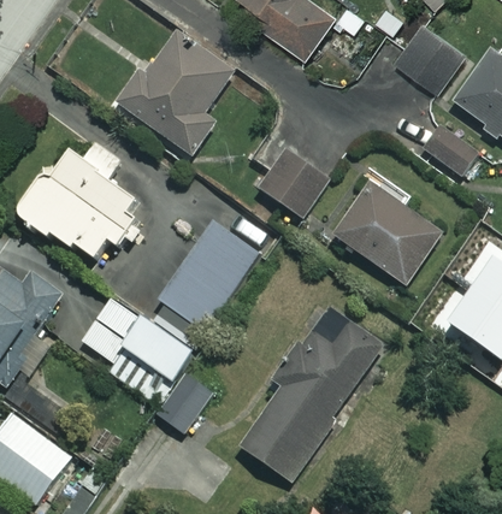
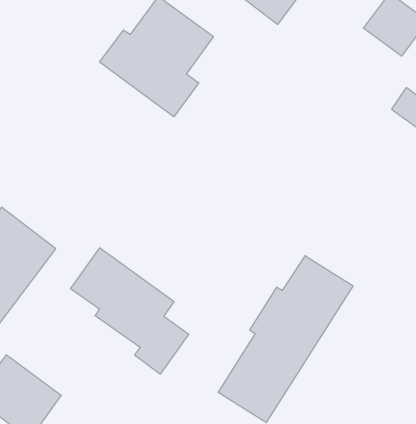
building: [13,141,147,258] -> none
building: [248,150,326,223] -> none
building: [337,173,441,284] -> none
building: [161,221,260,330] -> none

